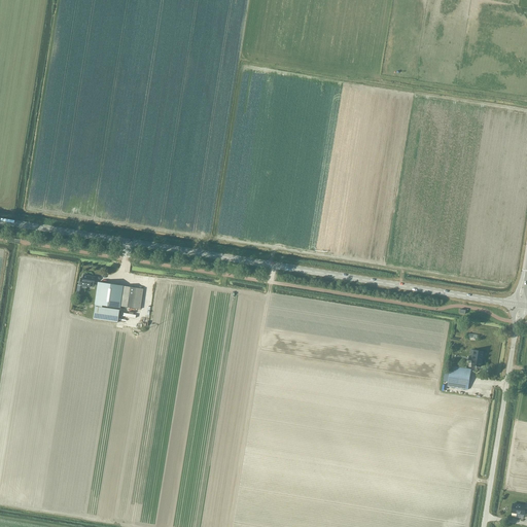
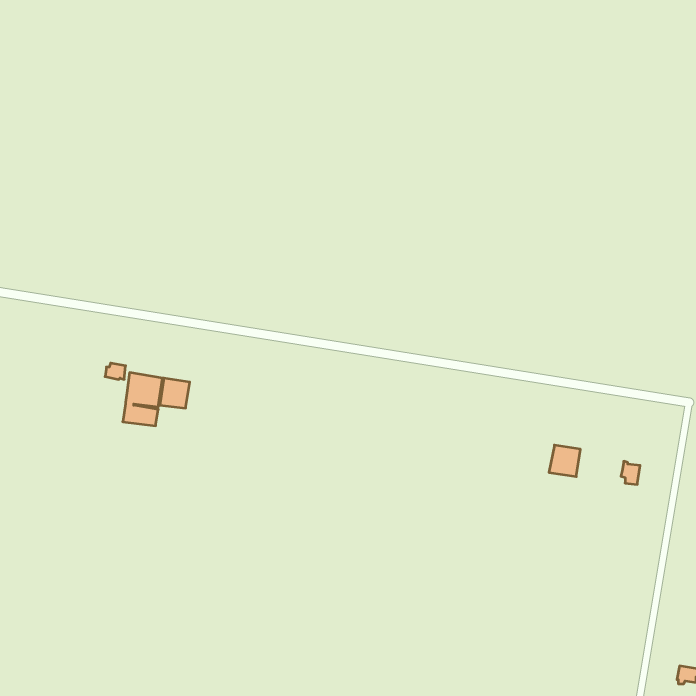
building: [448,365,471,389] -> [549,445,580,477]

